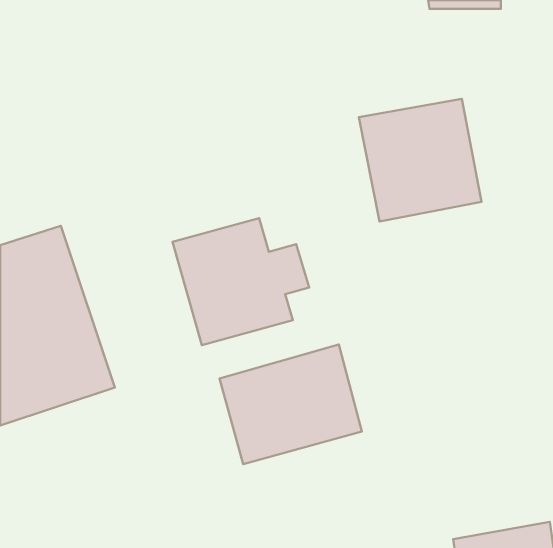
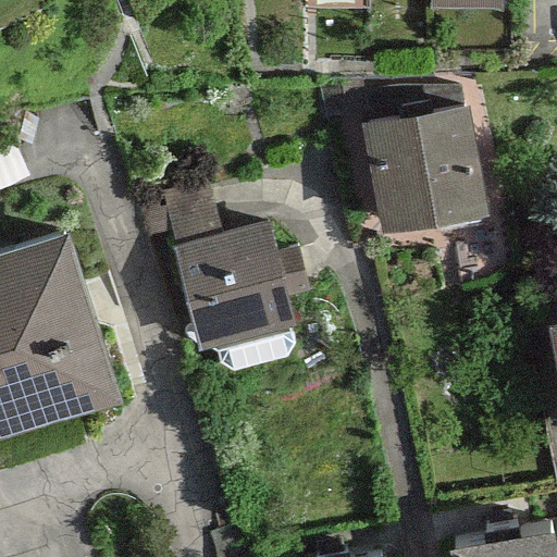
building: [219,345,362,464] -> none

